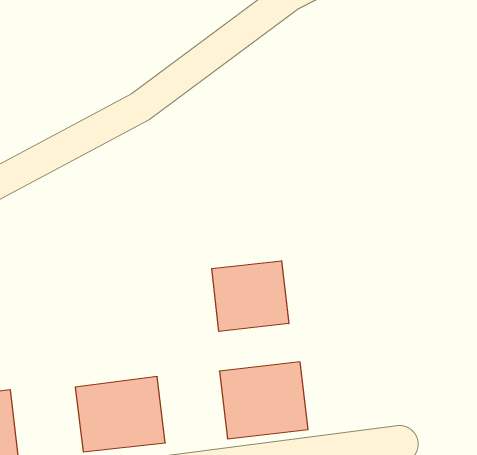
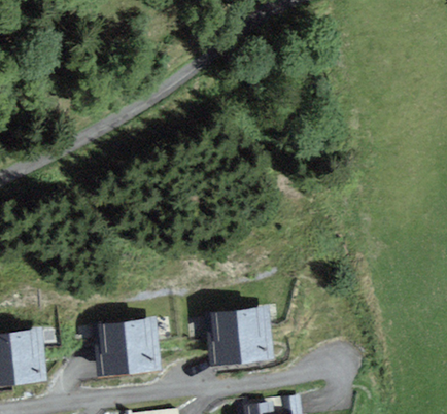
building: [212,261,289,331] -> none

